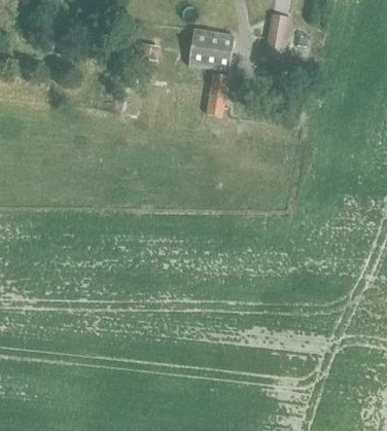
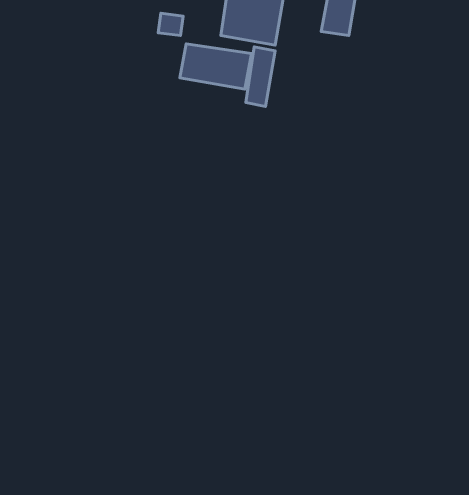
building: none -> [180,44,252,89]

